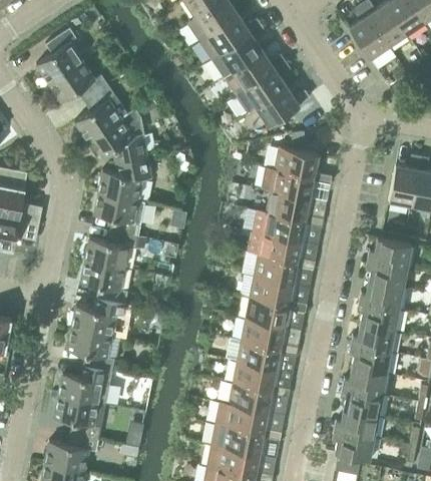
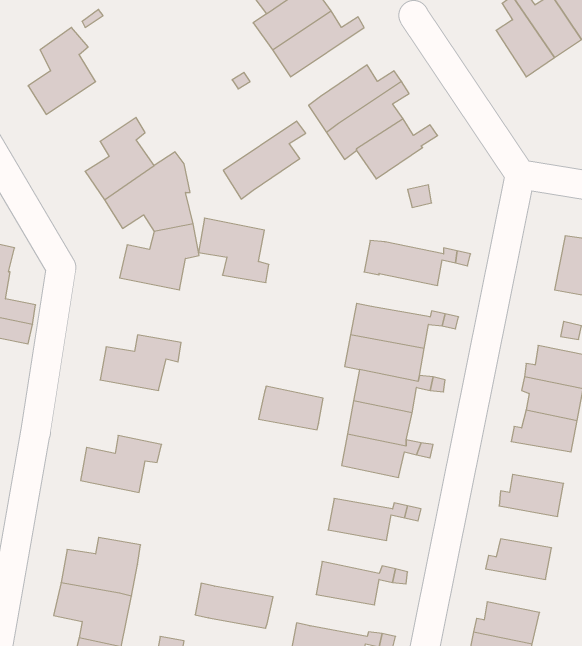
building: [212,26,268,78] -> [223,121,306,199]
building: [49,62,109,103] -> none
building: [276,147,319,177] -> none
building: [267,190,311,219] -> none
building: [94,193,141,236] -> [198,218,269,283]
building: [81,262,128,305] -> none
building: [358,303,400,331] -> none
building: [242,319,285,348] -> [259,386,323,430]
building: [68,329,115,372] -> none
building: [350,346,391,374] -> none
building: [234,362,277,391] -> none
building: [341,388,383,417] -> none
building: [217,403,269,433] -> [195,583,273,628]

